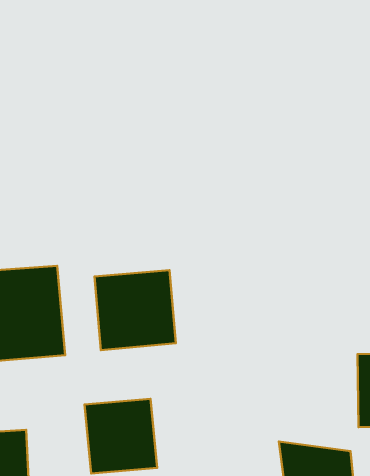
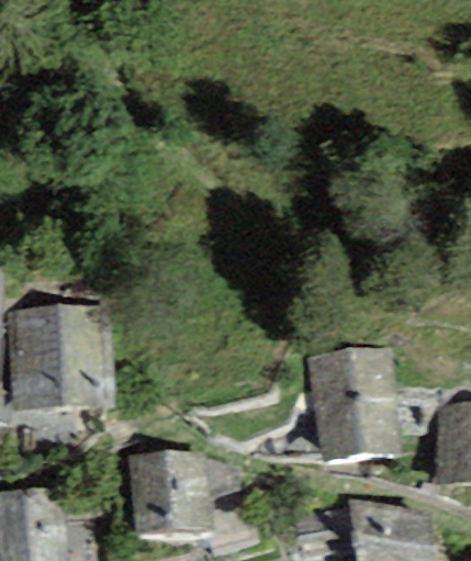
building: [94,270,176,350] -> none
building: none -> [307,346,405,461]

